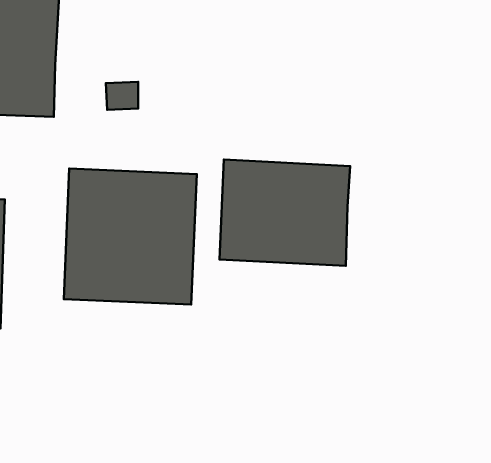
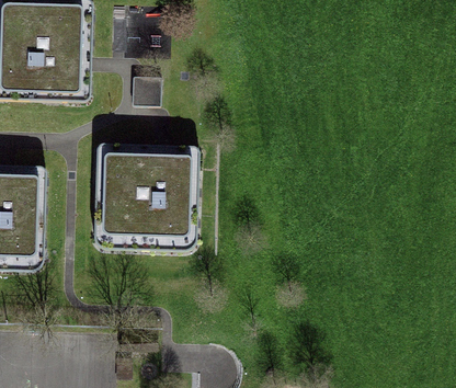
building: [220,160,350,266] -> none

